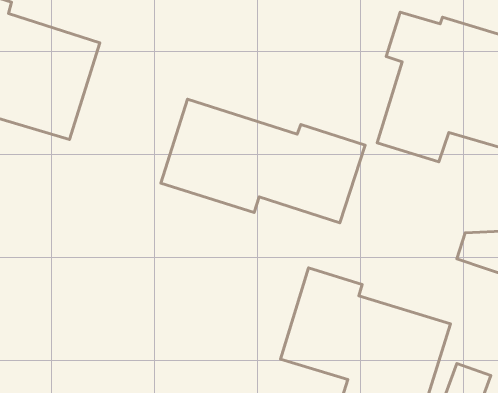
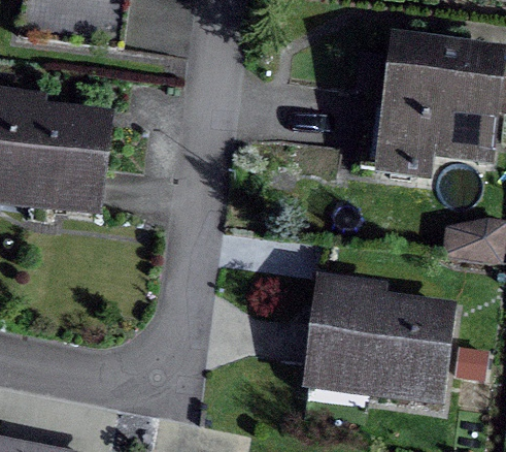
building: [161,99,365,223] -> none

